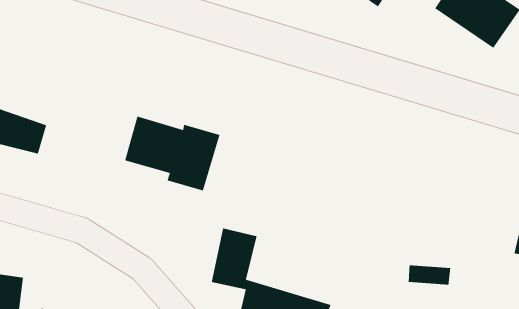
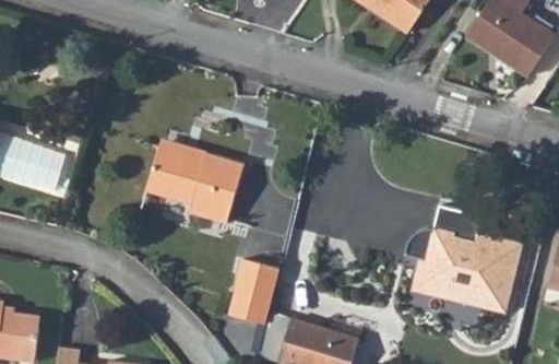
building: none -> [405,206,522,300]

